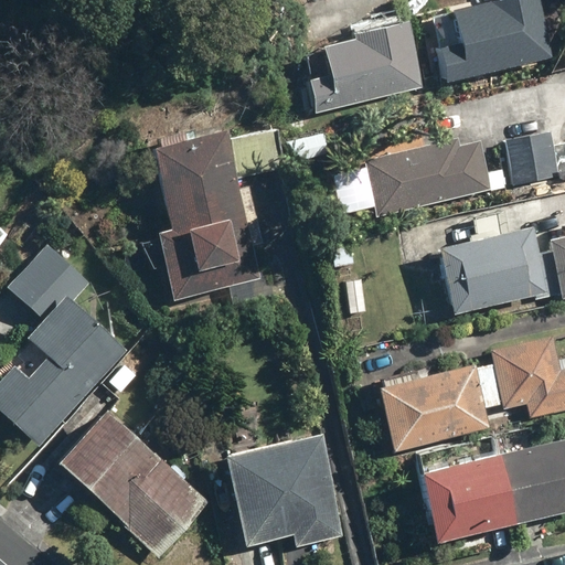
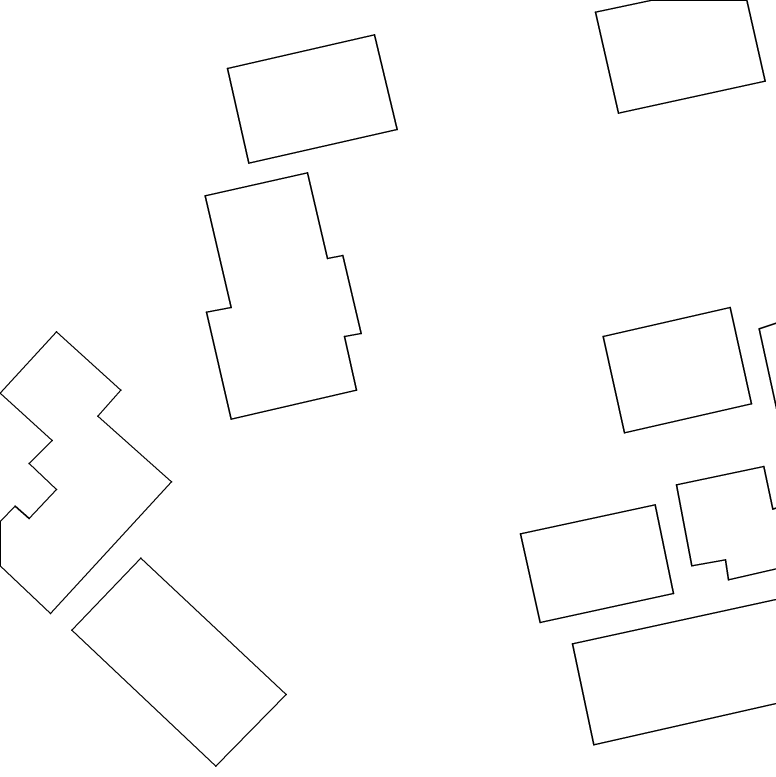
building: [300,21,423,114] -> [227,35,397,163]
building: [507,132,559,177] -> none
building: [365,142,491,218] -> none
building: [224,430,345,547] -> none

